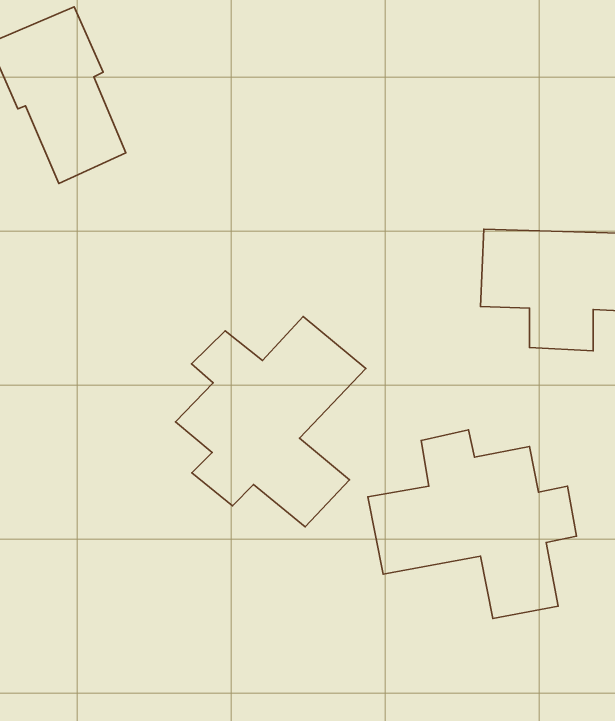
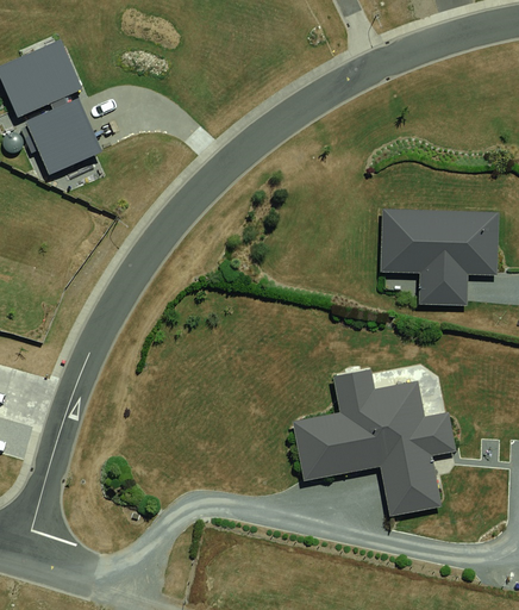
building: [175,316,366,527] -> none

